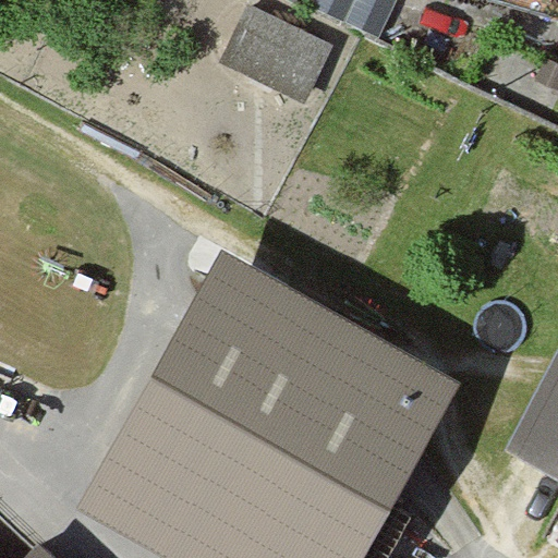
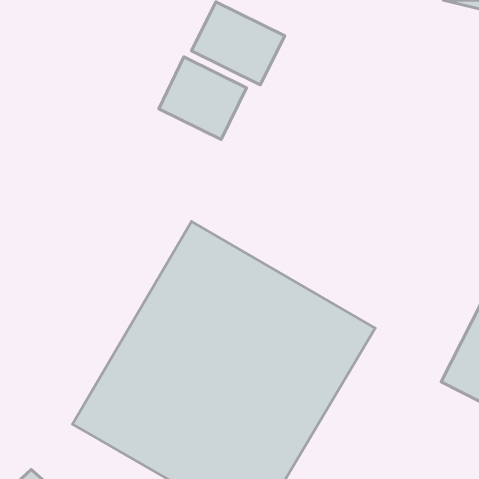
building: none -> [159,57,247,140]

